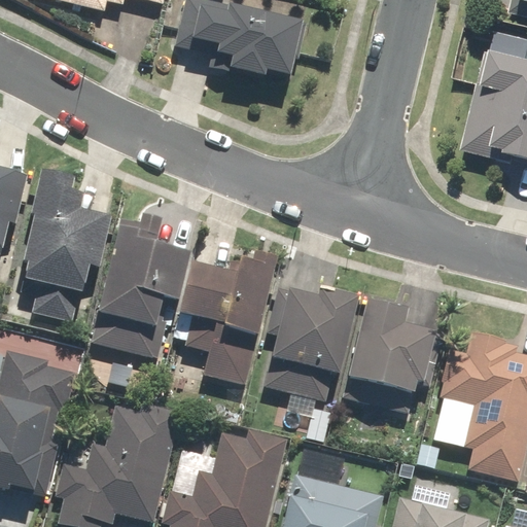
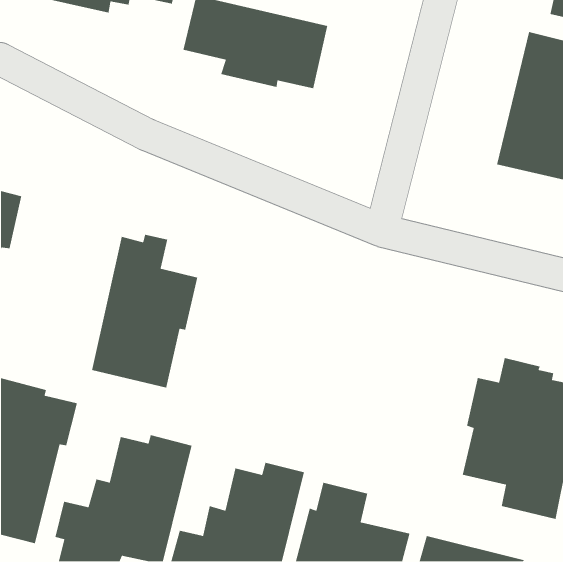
building: [17,173,111,321] -> none
building: [176,254,277,387] -> none
building: [260,288,355,400] -> none
building: [339,300,432,414] -> none

